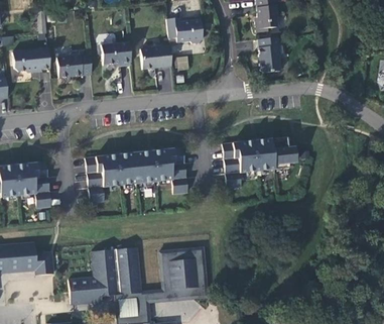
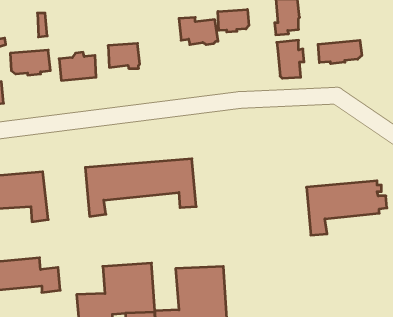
building: none -> [218,9,249,32]
building: none -> [318,40,362,64]
building: [145,44,176,68] -> none
building: [222,137,296,188] -> [306,181,387,235]

